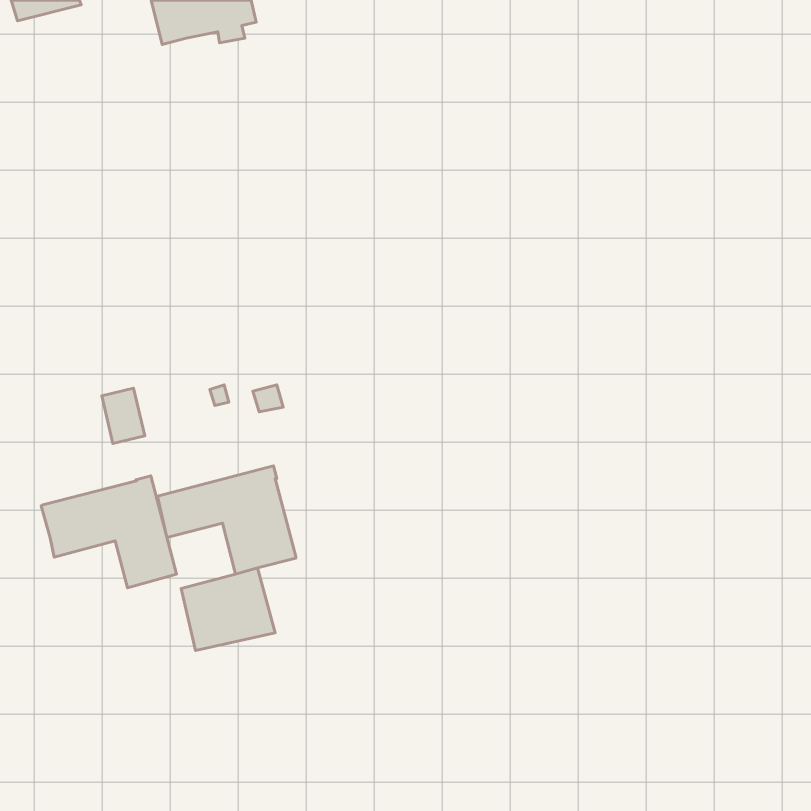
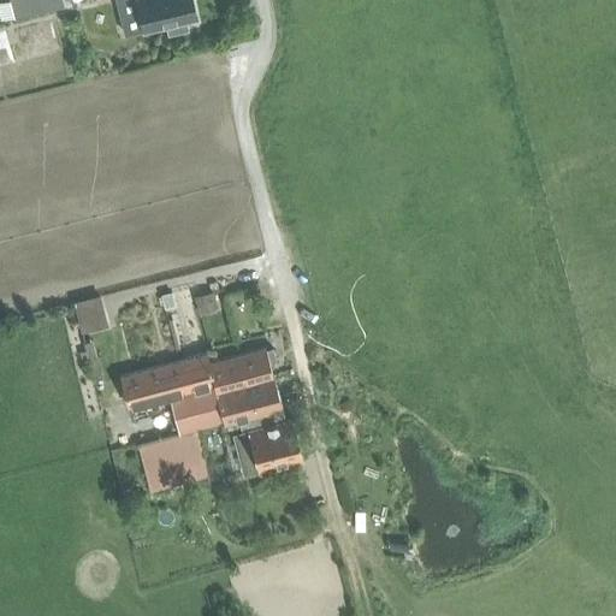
building: none -> [208,349,303,475]
building: [41,476,177,588] -> none

